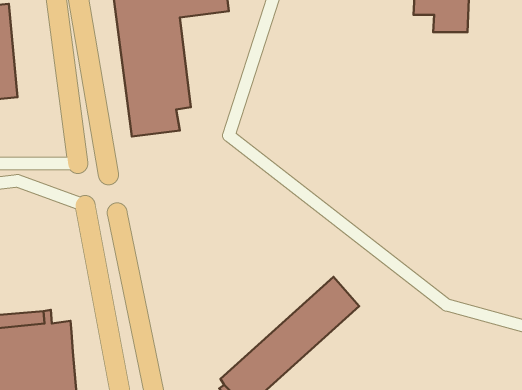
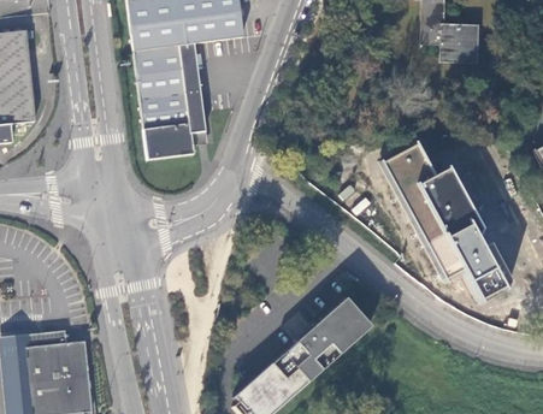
building: none -> [380,135,513,300]

